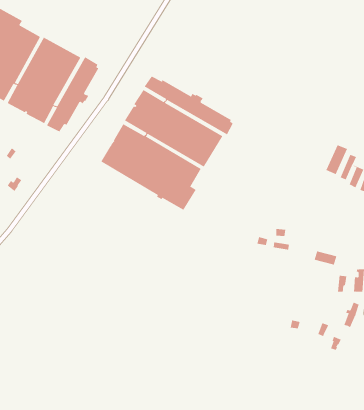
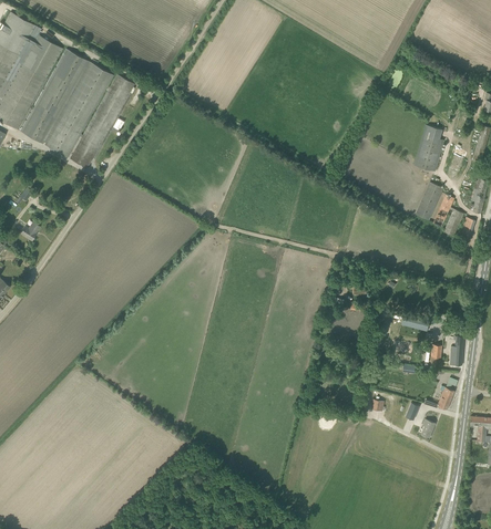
building: [100,75,233,210] -> none
building: none -> [412,124,443,172]

